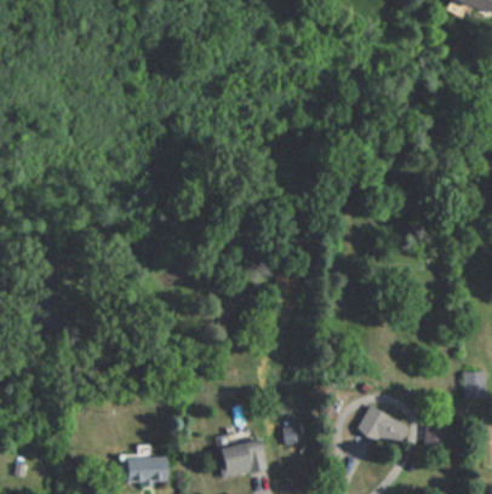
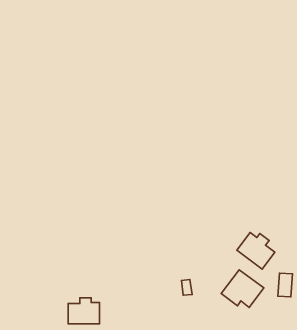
building: none -> [237,232,275,269]
building: [216,438,267,477] -> none

